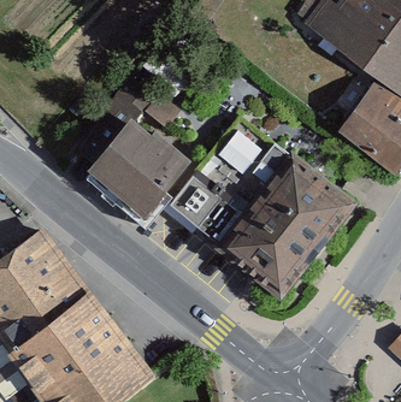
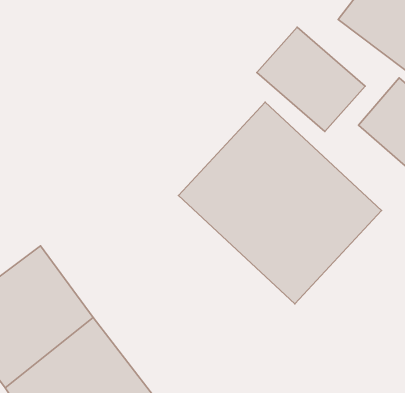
building: none -> [257,27,365,132]
building: [79,113,178,211] -> none

